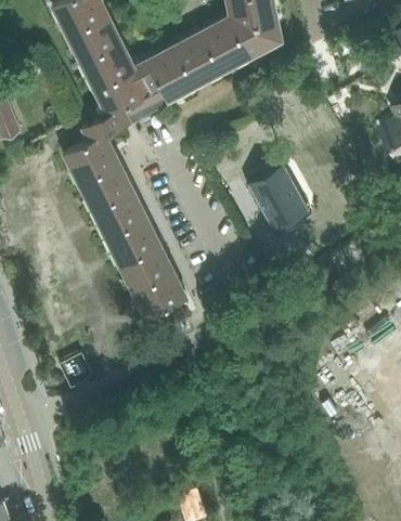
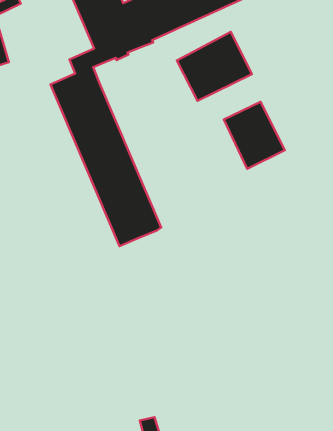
building: none -> [177,32,252,101]

